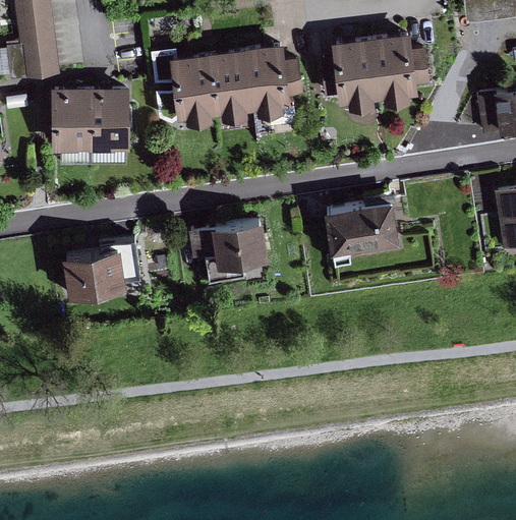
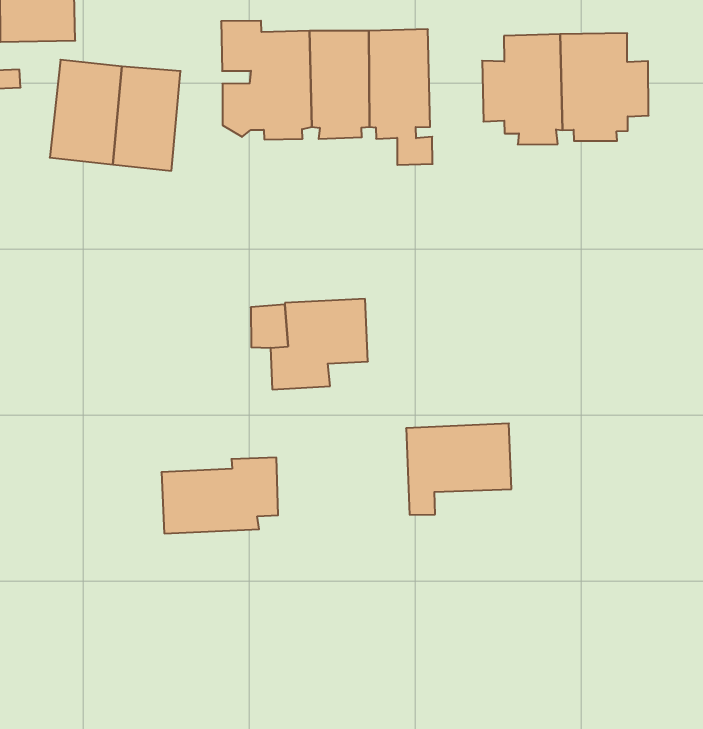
building: [328,201,399,267] -> [406,423,511,515]
building: [63,240,140,296] -> [161,458,278,533]

